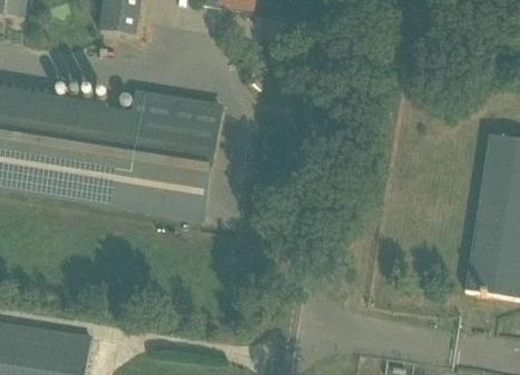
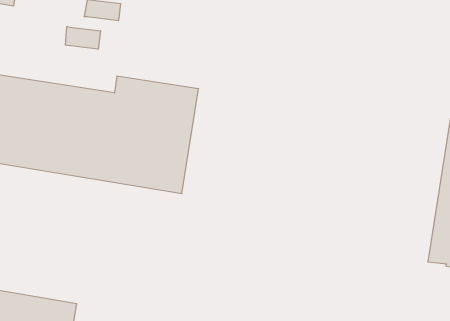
building: none -> [66,26,100,49]

